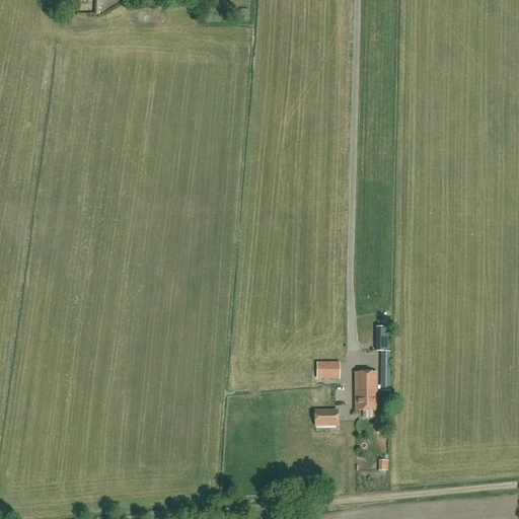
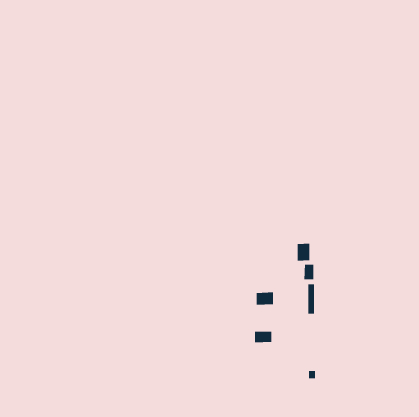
building: none -> [297,243,310,261]
building: [355,371,376,410] -> none

